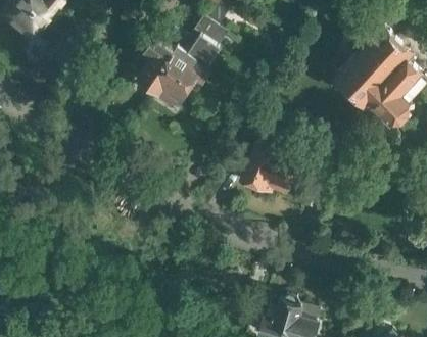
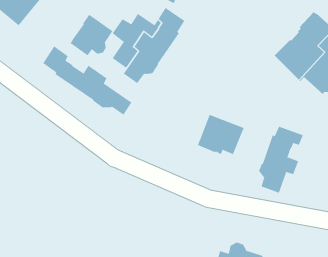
building: none -> [70,14,113,56]
building: none -> [43,46,132,115]
building: none -> [258,126,303,193]

